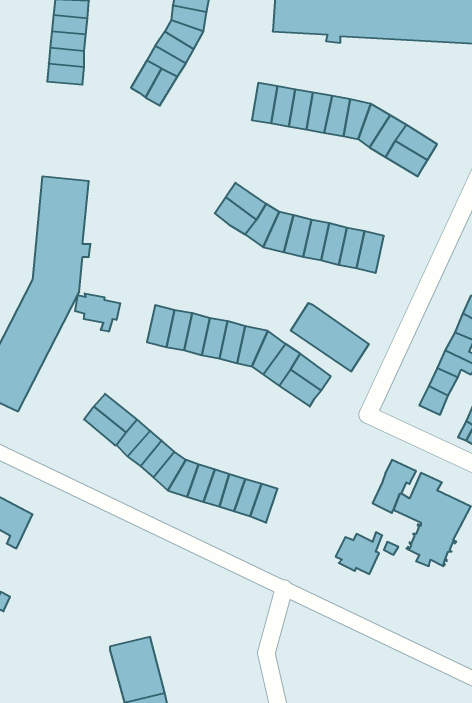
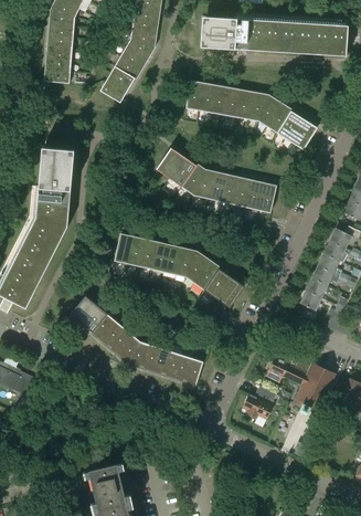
building: [75,293,120,332] -> none
building: [291,303,369,372] -> none

